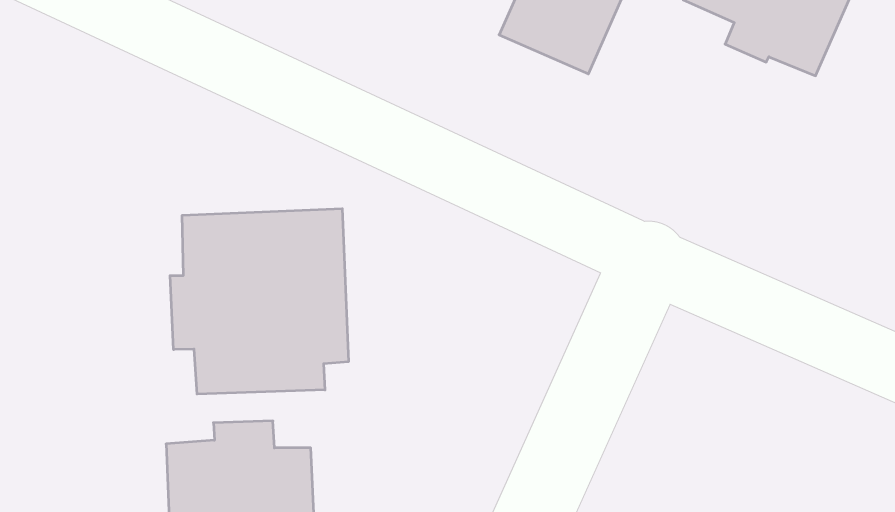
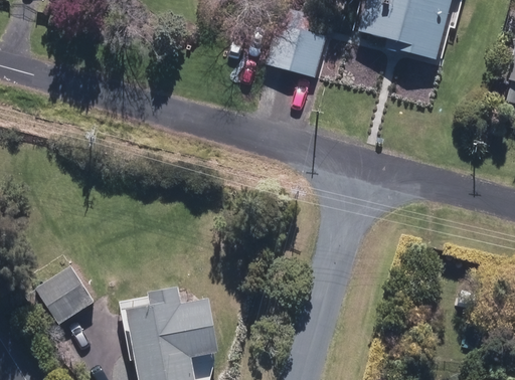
building: [170,209,348,394] -> none
building: none -> [37,263,95,321]

